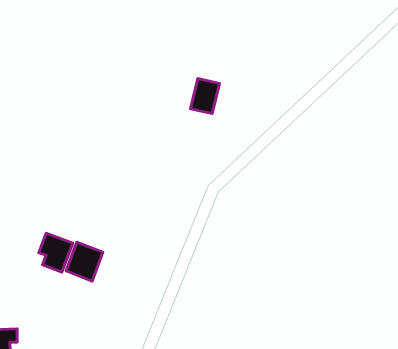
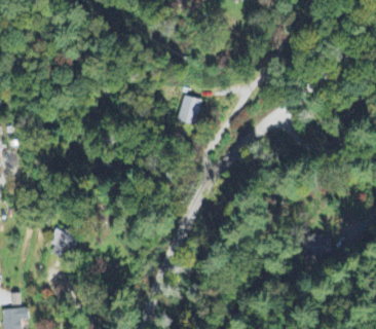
building: [66,242,103,281] -> none

